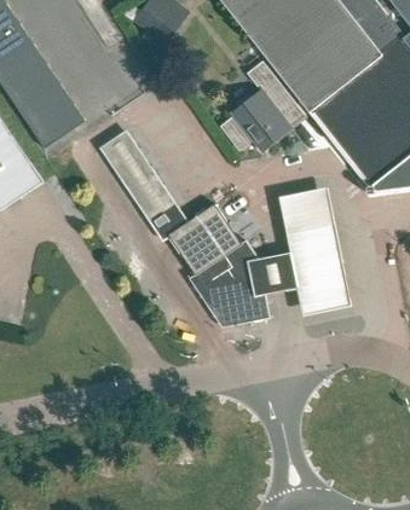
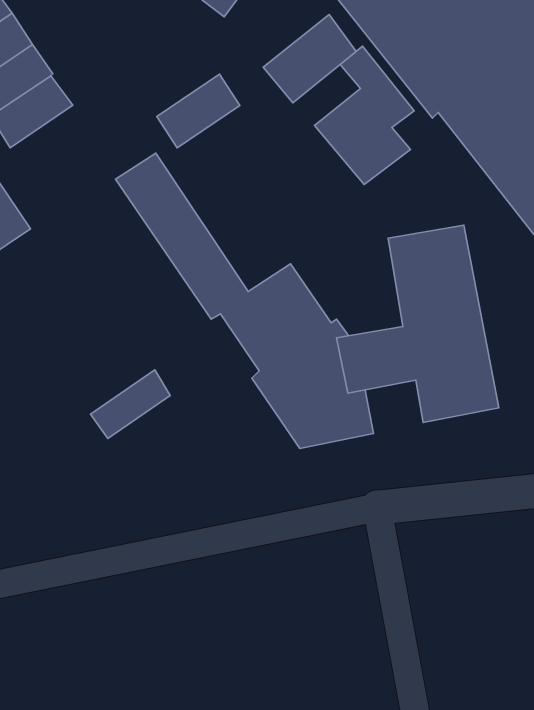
building: none -> [263,14,356,103]
building: [30,102,85,150] -> [157,74,240,148]
building: none -> [90,370,170,439]

